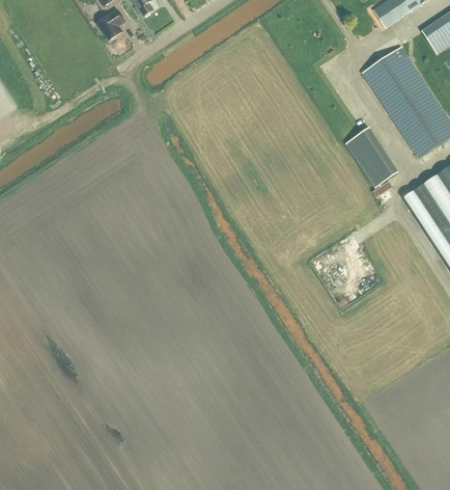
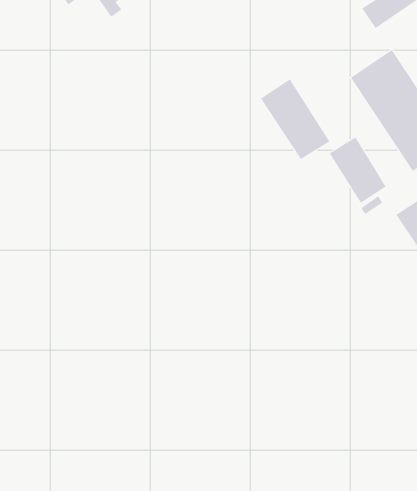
building: [96,8,124,38] -> none
building: none -> [260,79,330,160]

